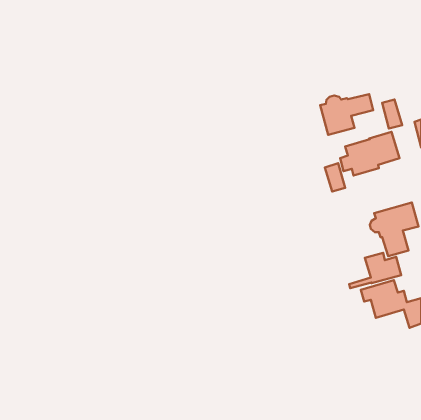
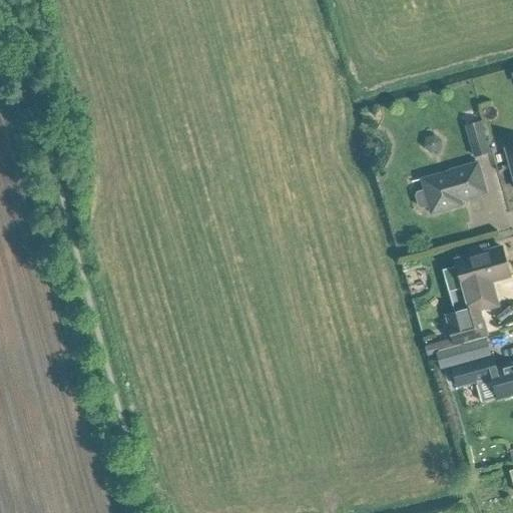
building: [320,94,373,135] -> none
building: [325,163,345,192] -> none

